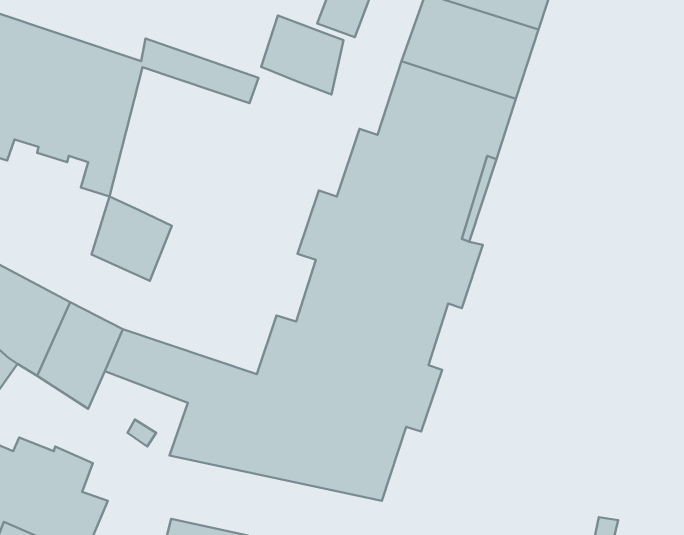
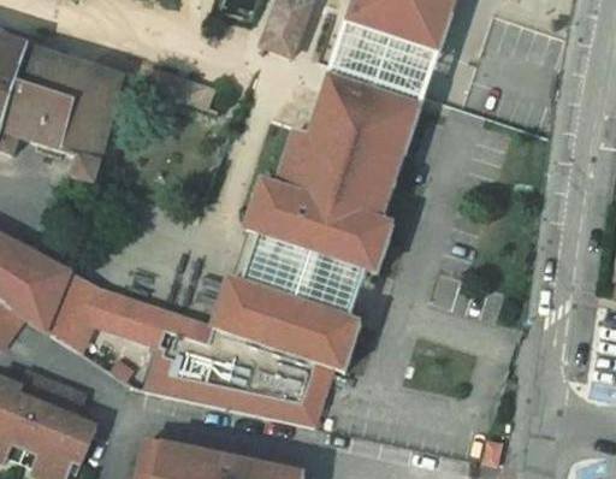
building: [261,15,344,95] -> none
building: [91,197,172,281] -> none

